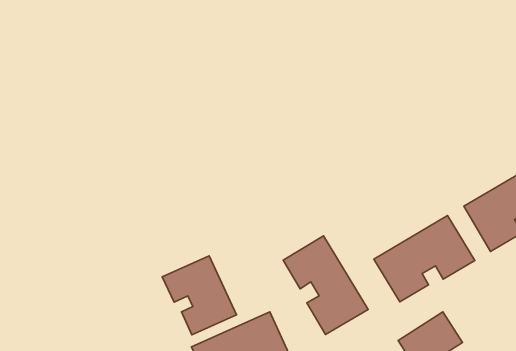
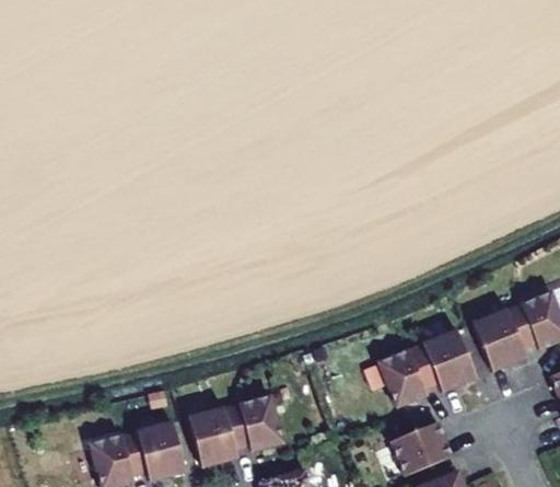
building: [283,236,368,334] -> none
building: [162,256,236,335] -> none

